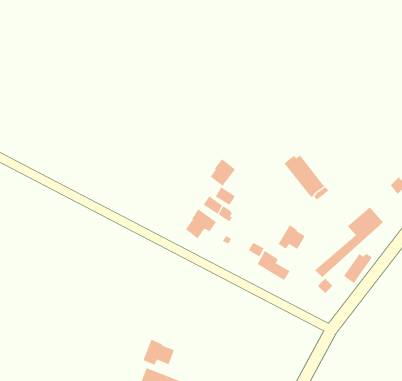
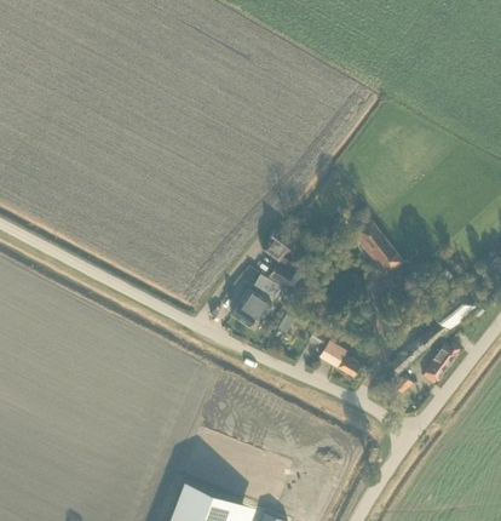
building: [278,224,305,250] -> none
building: [143,339,174,365] -> none

